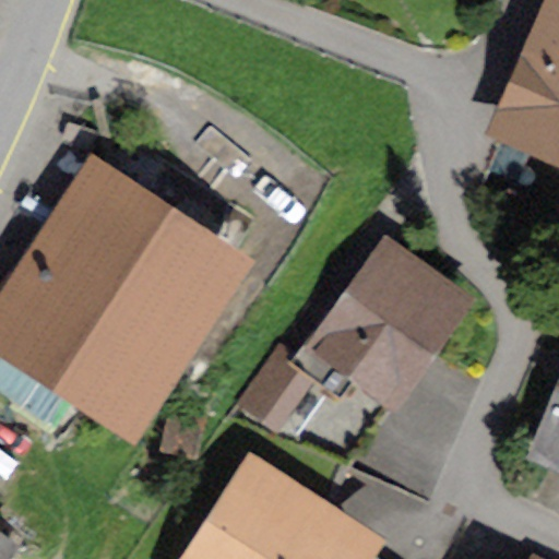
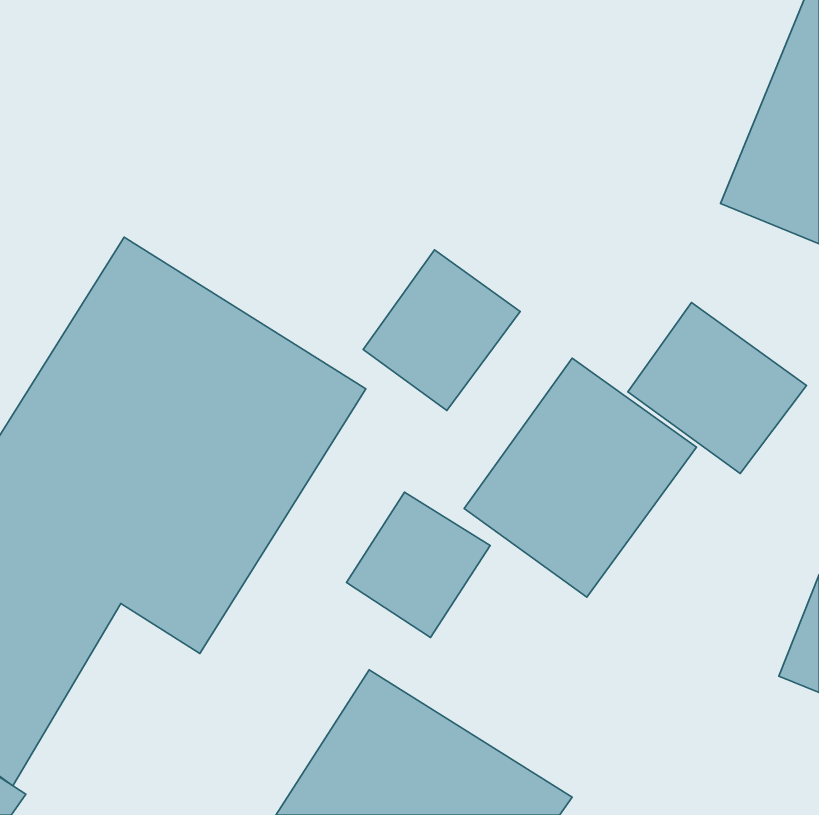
building: none -> [363,250,520,411]
building: none -> [628,303,807,474]

